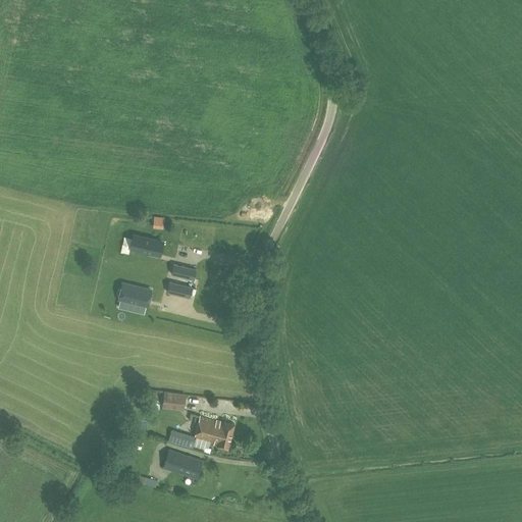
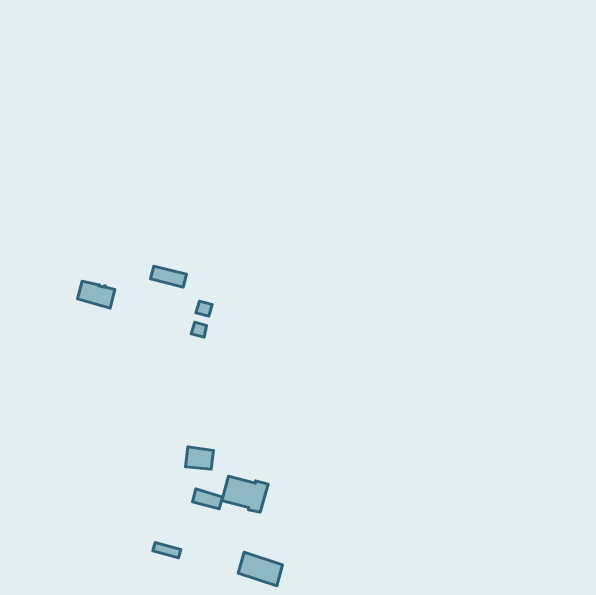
building: [118,280,151,304] -> [77,281,115,308]
building: [163,450,202,479] -> [238,552,283,586]

